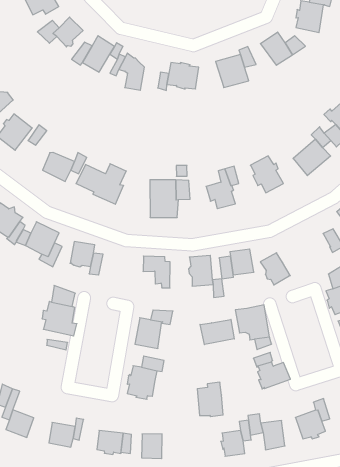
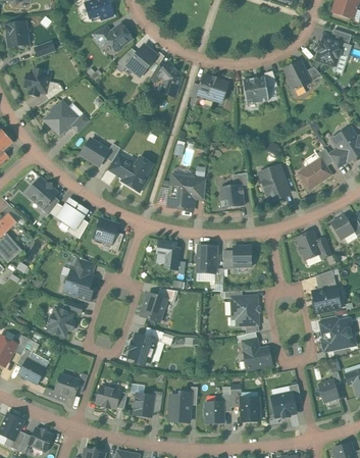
building: [260,253,290,285] -> [297,232,321,259]
building: [200,319,234,345] -> none
building: none -> [47,307,74,337]
building: [197,382,223,417] -> [169,393,191,421]

